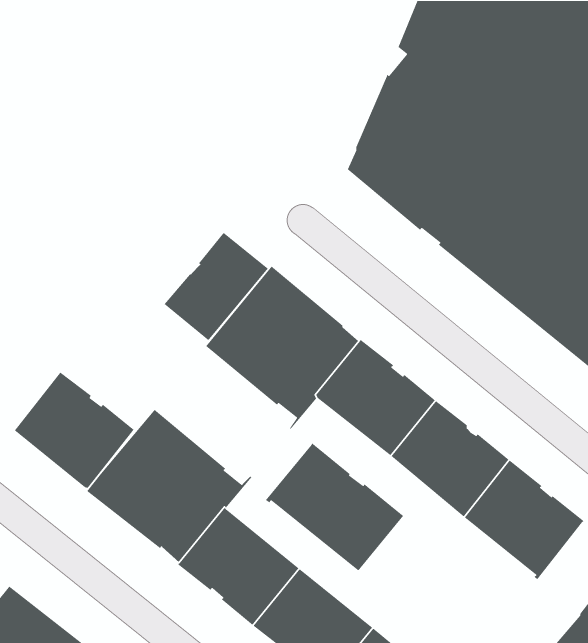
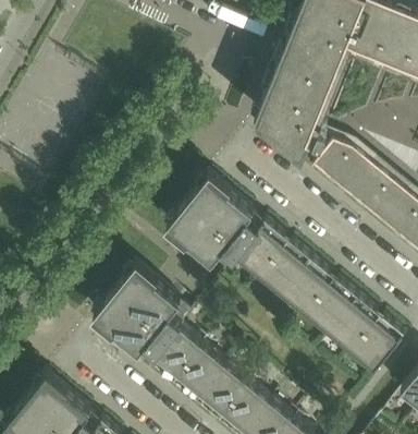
building: [163,232,269,341] -> none
building: [14,371,135,489] -> none
building: [265,442,404,571] -> none

